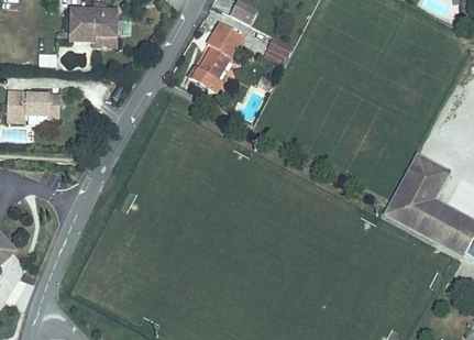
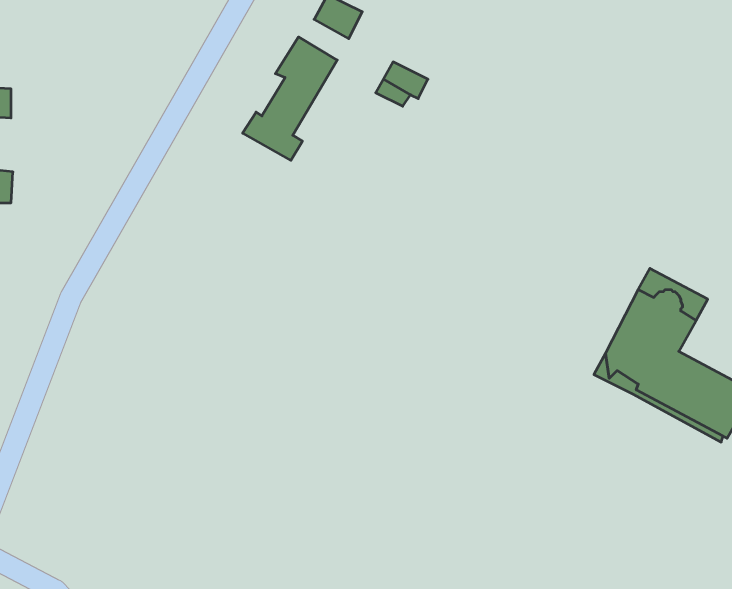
building: [69,9,115,42] -> none

